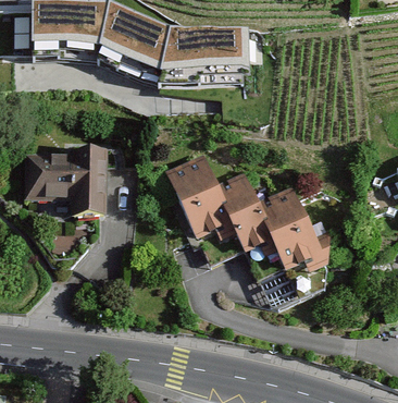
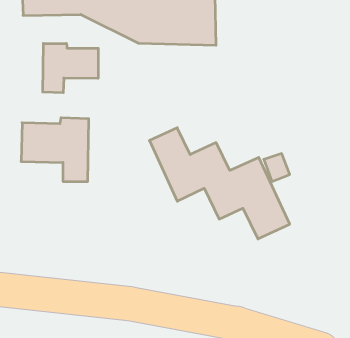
building: none -> [43,43,98,93]

